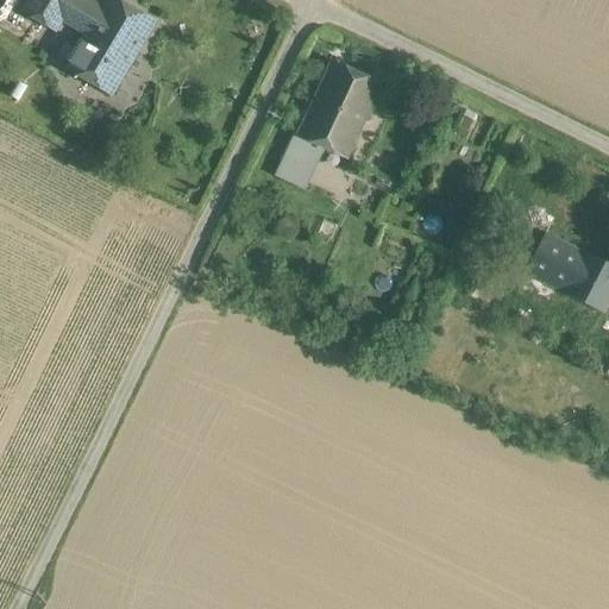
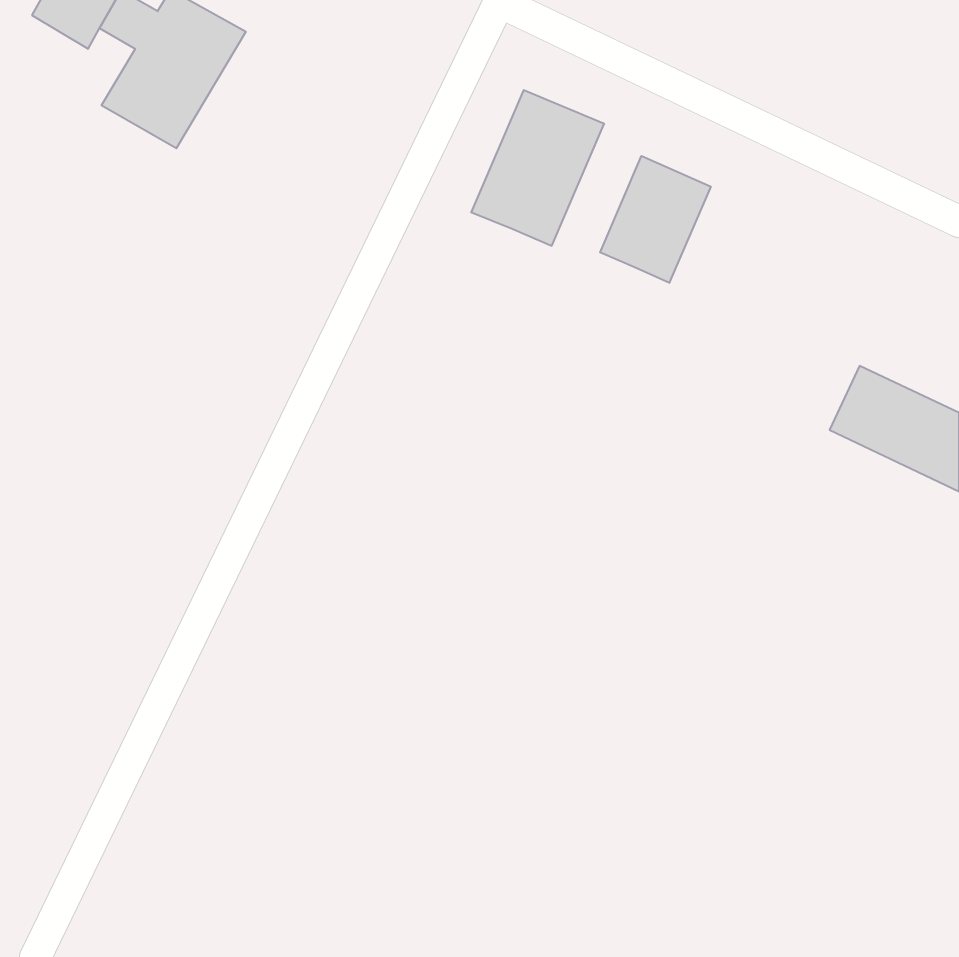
building: none -> [600,156,711,283]
building: [281,134,325,187] -> none

